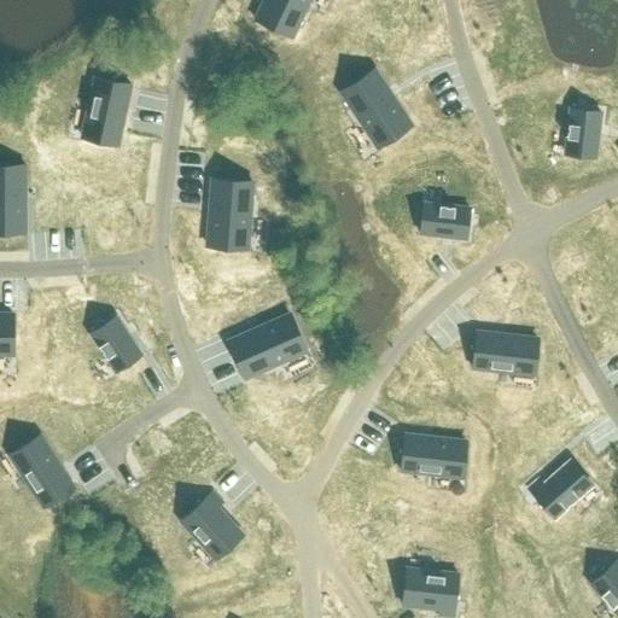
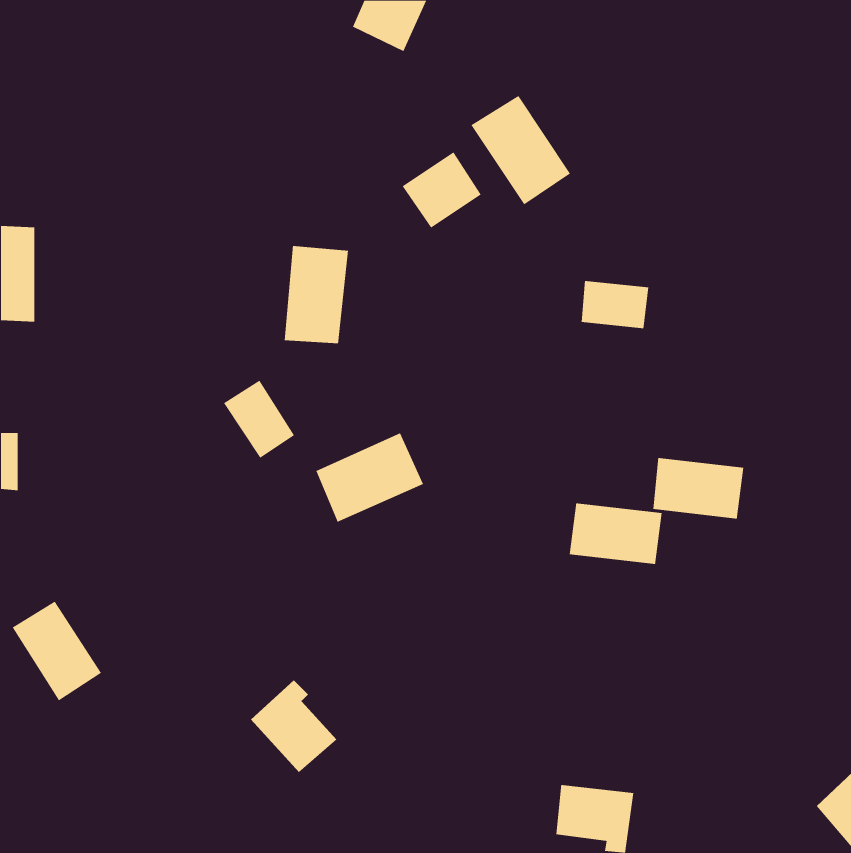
building: [82,76,132,146] -> none
building: [566,107,601,158] -> none
building: none -> [402,151,482,229]
building: [91,315,142,372] -> [223,380,295,458]
building: [401,433,468,478] -> [569,503,662,564]
building: [529,460,593,518] -> none

